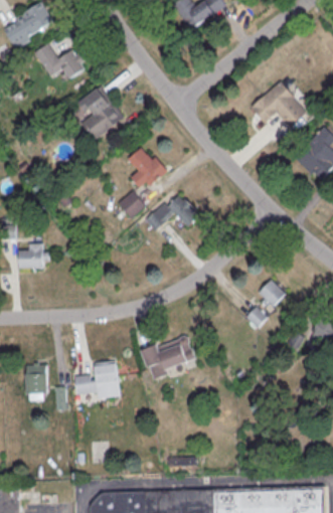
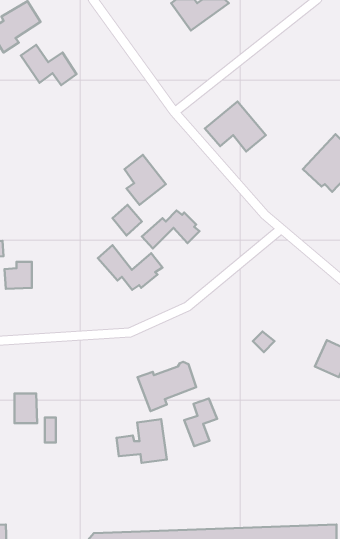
building: [249,81,306,128] -> [205,101,266,152]
building: [75,88,123,141] -> none
building: none -> [98,245,162,290]
building: [257,280,286,309] -> none
building: [74,360,121,400] -> [117,419,167,463]
building: none -> [184,398,217,446]

